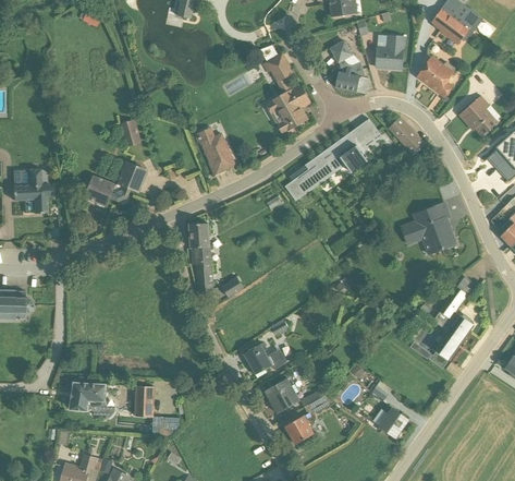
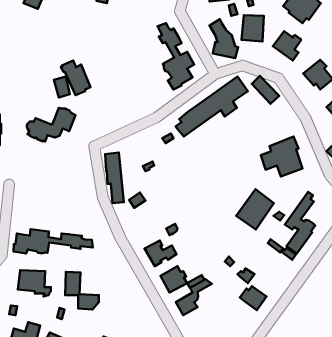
building: [194,128,234,175] -> [61,61,91,95]
building: none -> [236,189,274,230]
building: none -> [13,229,93,253]

